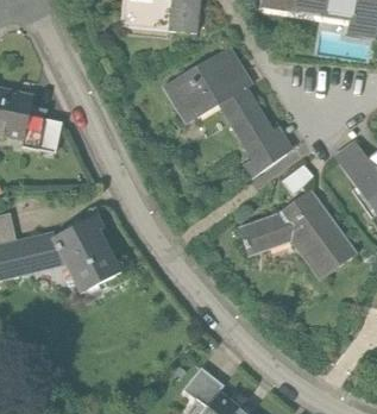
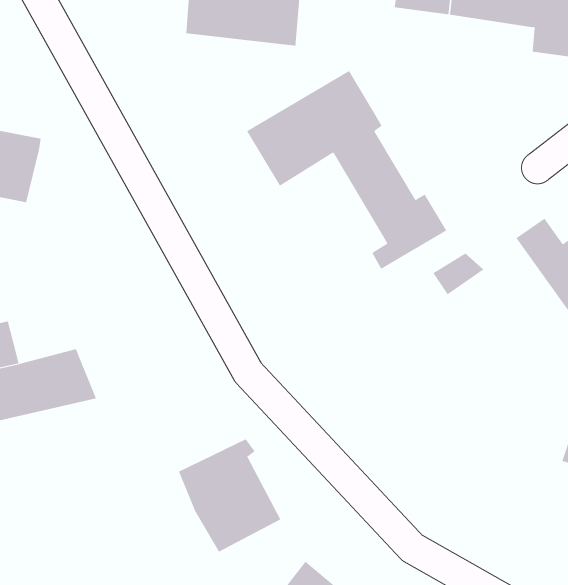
building: [19,100,59,149] -> none
building: [238,193,356,280] -> none
building: [55,213,121,287] -> [178,438,281,553]

